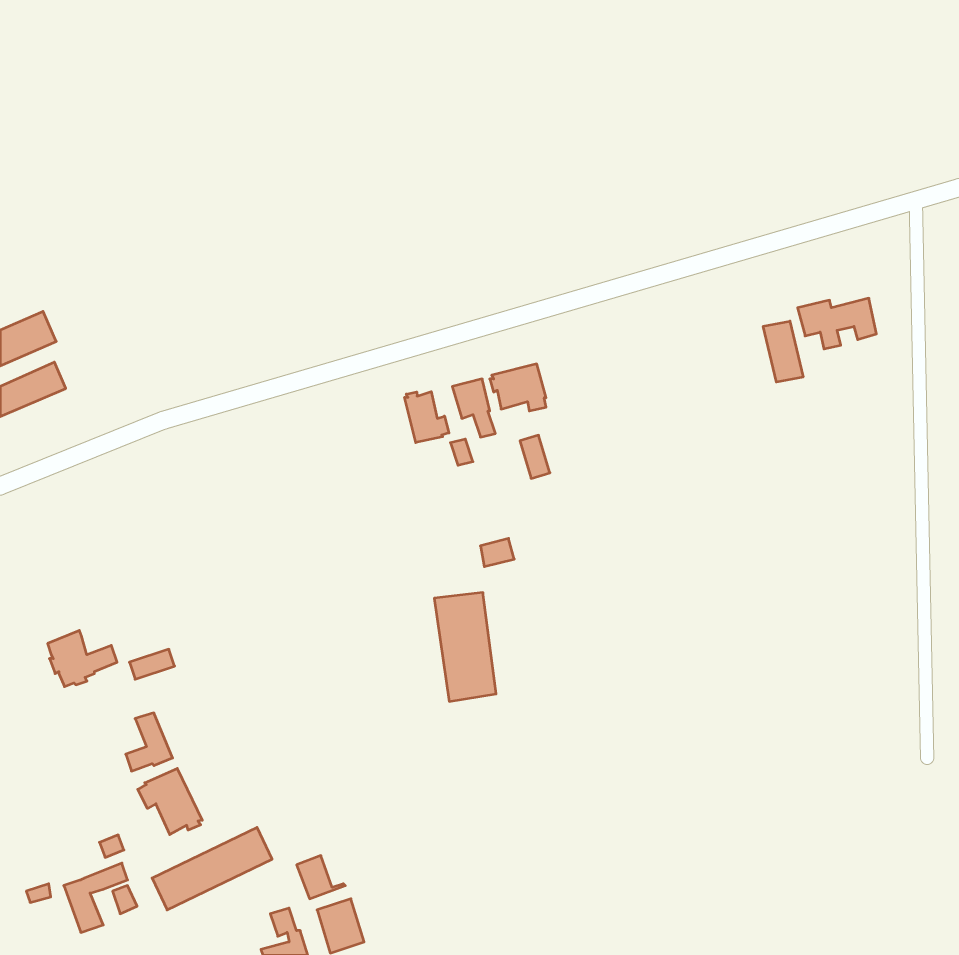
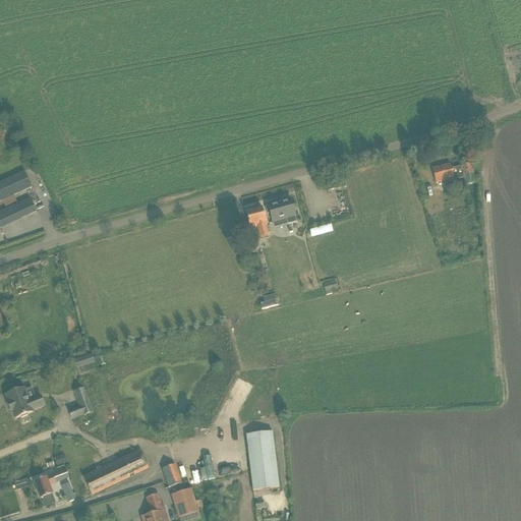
building: [763,321,803,382] -> none
building: [405,392,449,443] -> none
building: [434,593,496,701] -> [245,430,279,489]
building: [48,630,117,687] -> [6,387,44,417]
building: [138,768,202,835] -> none

